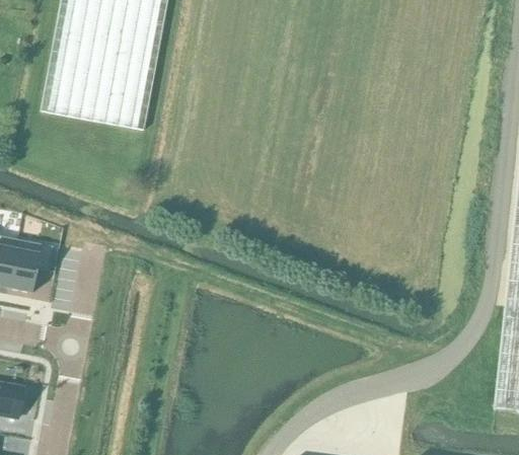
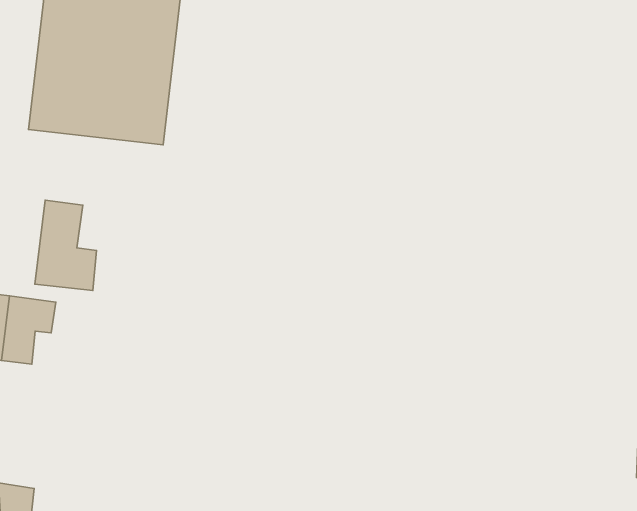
building: none -> [35,200,97,290]

